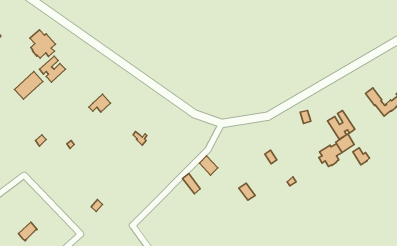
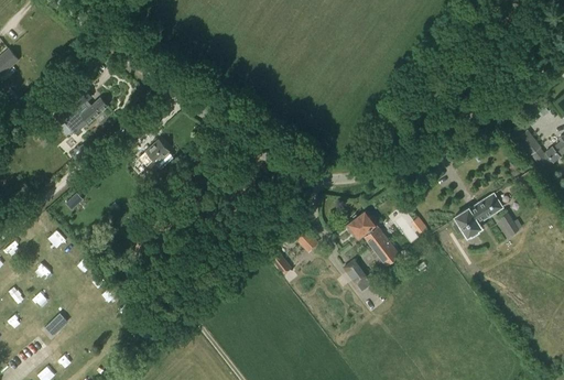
building: [30,30,56,58] -> none
building: [328,110,355,139] -> none
building: none -> [346,210,400,265]

